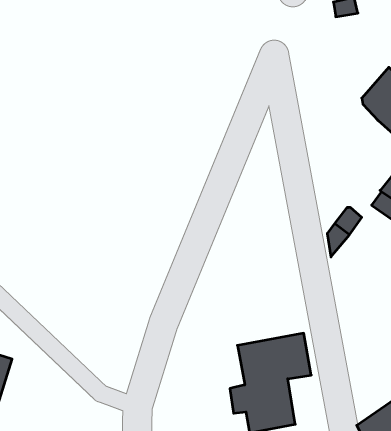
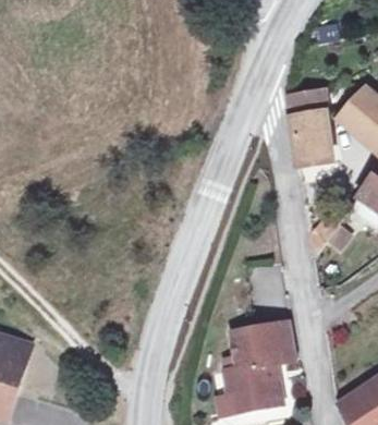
building: none -> [288,92,332,165]

